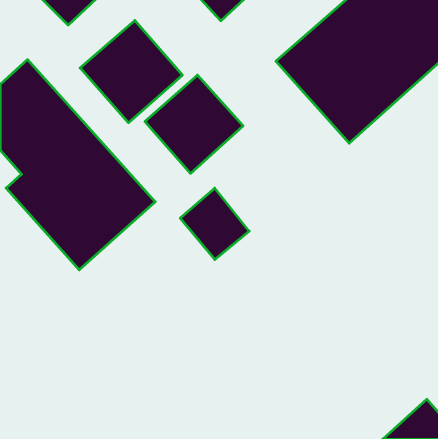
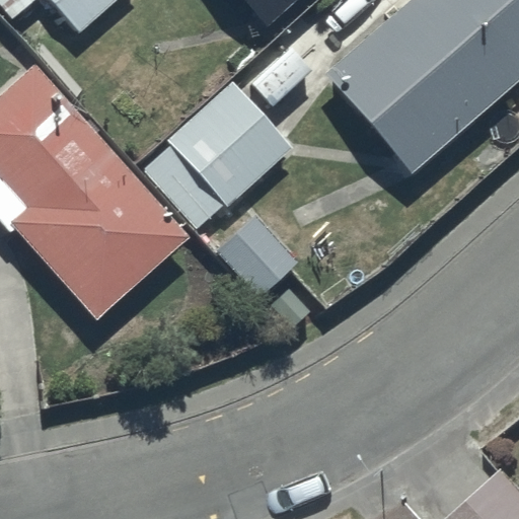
building: [80,20,182,123] -> none

